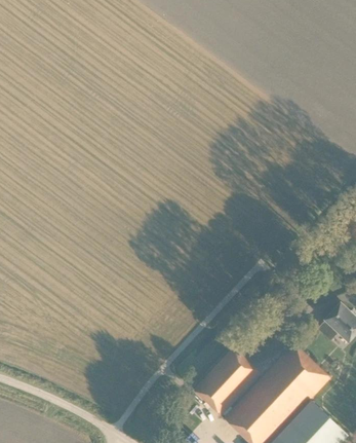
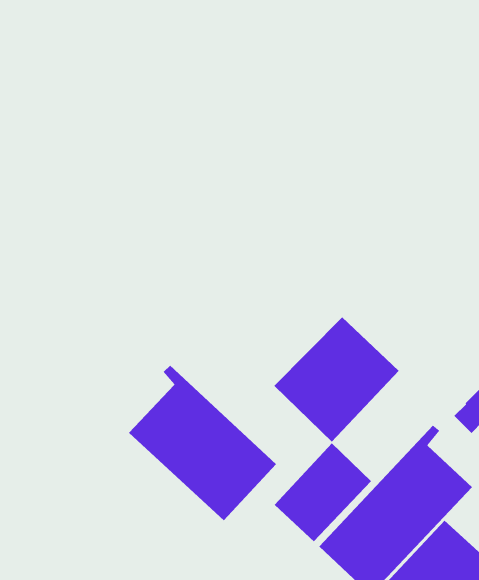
building: none -> [273,317,400,443]
building: none -> [128,365,277,521]

